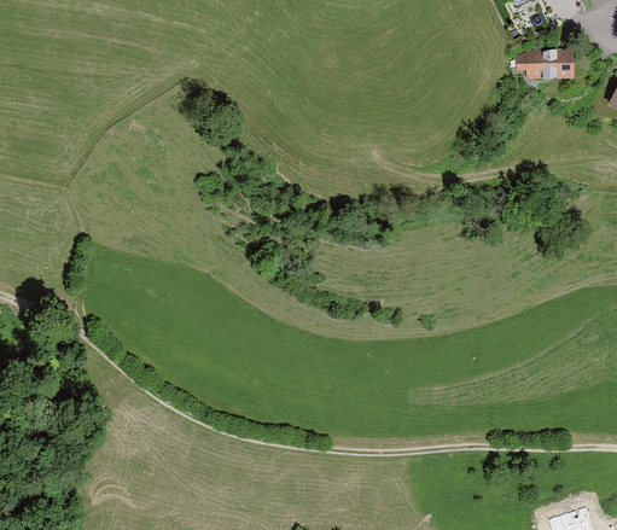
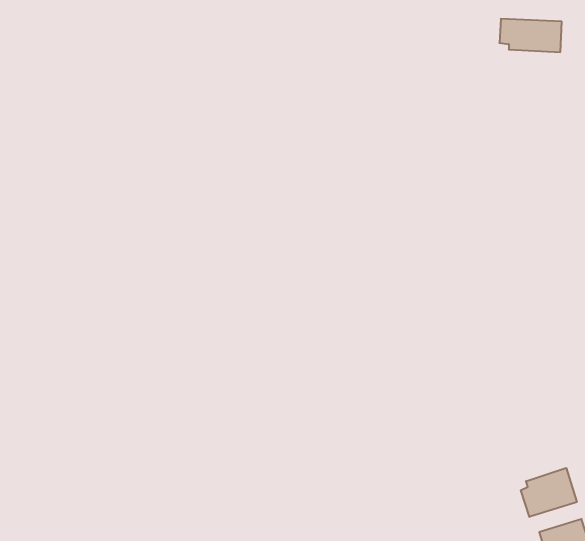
building: none -> [521,468,577,517]

